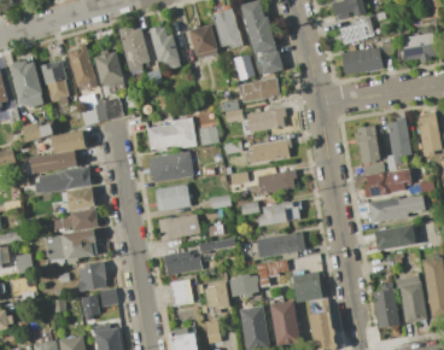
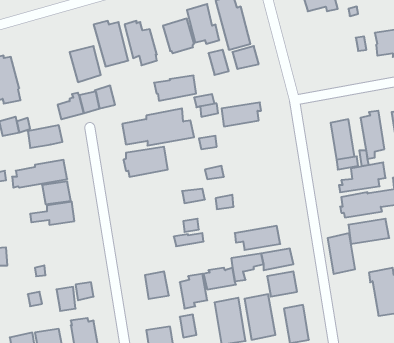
building: [338,16,374,46] -> none
building: [66,42,98,88] -> none
building: [340,47,382,74] -> none
building: [40,60,69,103] -> none
building: [236,77,279,103] -> [154,76,196,101]
building: [247,139,291,164] -> none
building: [30,150,77,174] -> none
building: [257,169,297,193] -> none
building: [154,185,189,211] -> none
building: [257,200,300,226] -> none
building: [158,214,200,240] -> none
building: [45,229,97,263] -> none
building: [163,250,201,275] -> none
building: [77,261,106,292] -> none
building: [372,287,399,328] -> [328,233,355,274]

